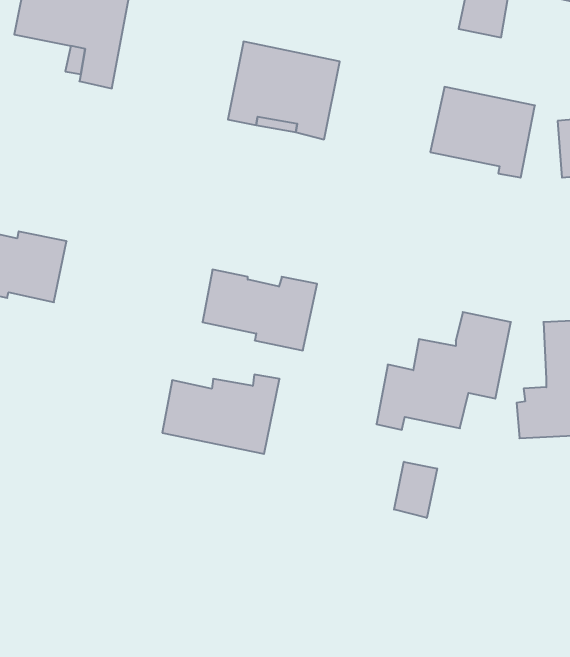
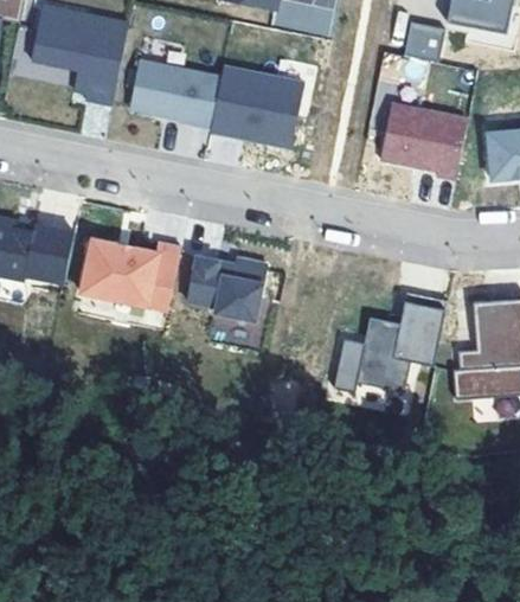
building: none -> [124,58,217,123]
building: [162,375,280,454] -> [81,243,179,309]
building: [394,462,437,518] -> none

